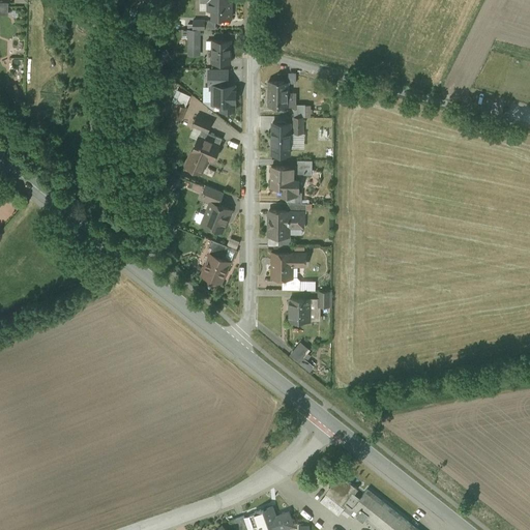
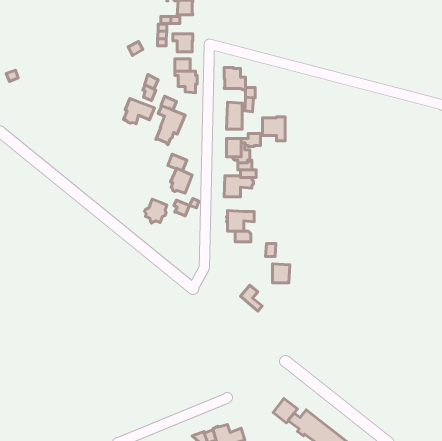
building: none -> [124,98,154,124]
building: none -> [262,117,285,141]
building: [202,256,229,285] -> [144,199,167,223]
building: [290,299,311,322] -> [272,264,290,283]

